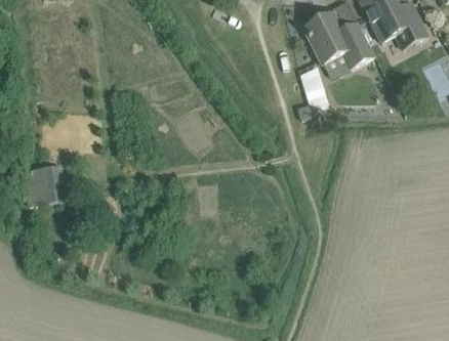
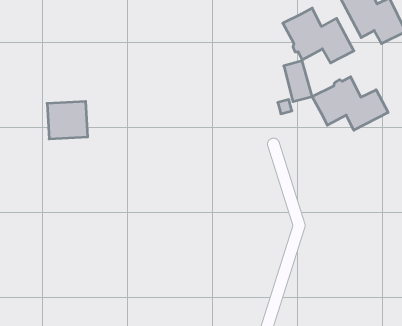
building: none -> [312,77,388,130]
building: [25,166,66,204] -> [47,101,88,139]

